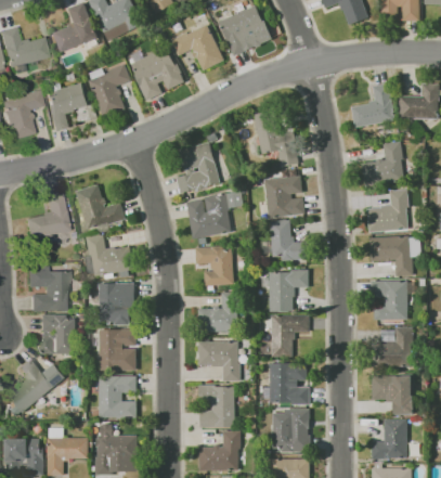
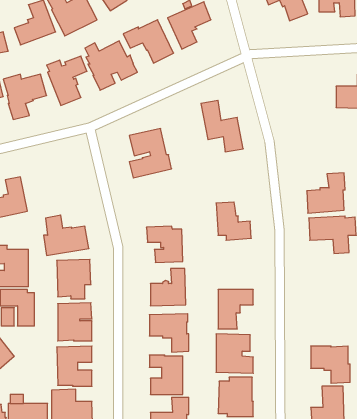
building: [352,82,397,127] -> none
building: [364,141,405,186] -> none
building: [265,176,306,219] -> none
building: [77,183,127,233] -> none
building: [187,190,244,237] -> none
building: [270,269,310,311] -> none
building: [373,281,415,320] -> none
building: [377,326,414,366] -> none

